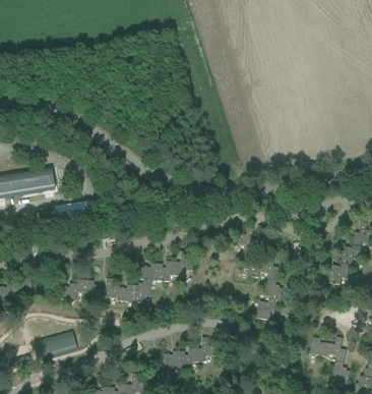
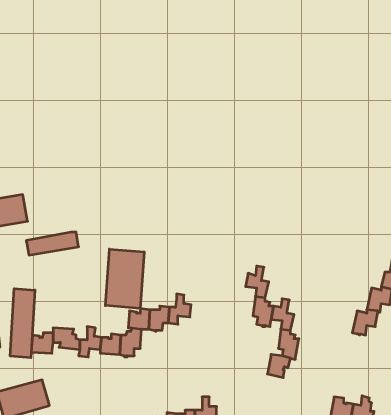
building: none -> [105,249,144,308]
building: none -> [10,289,35,358]

